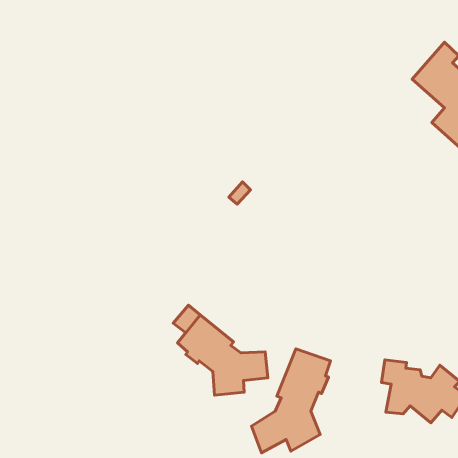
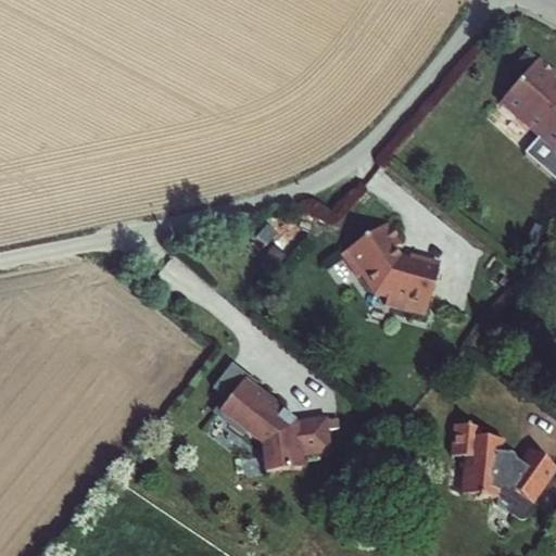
building: none -> [341,218,441,308]
building: [252,349,331,453] -> none

